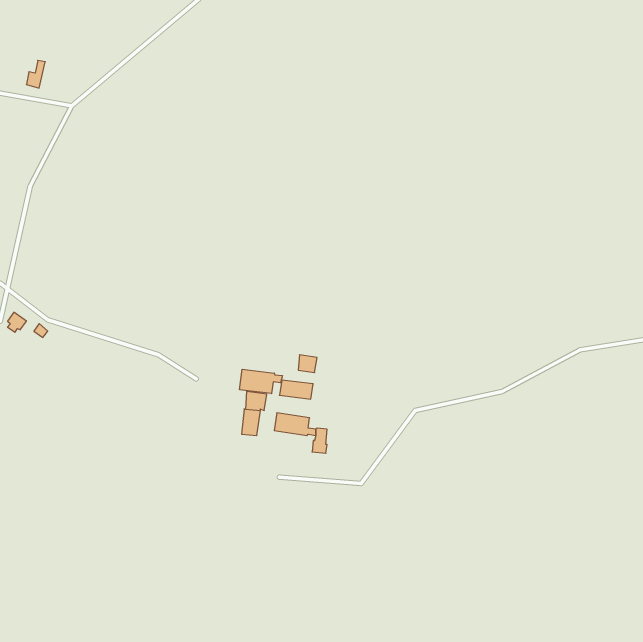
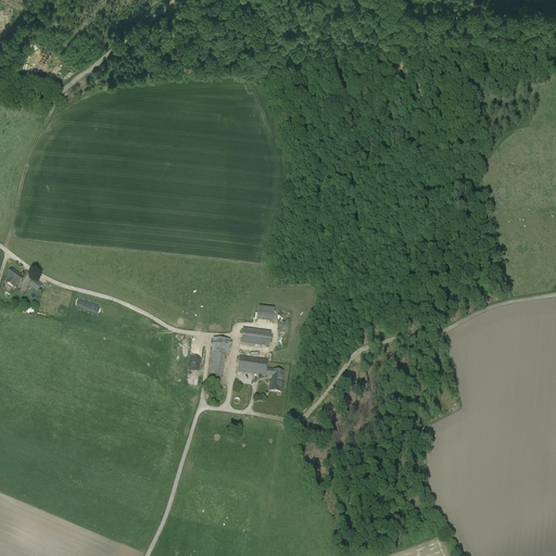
building: [240,369,282,394] -> none

